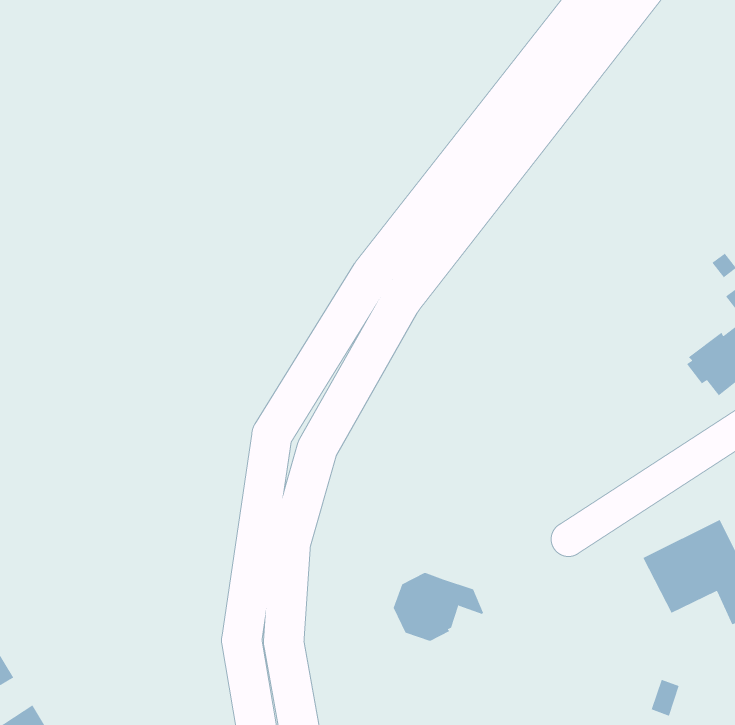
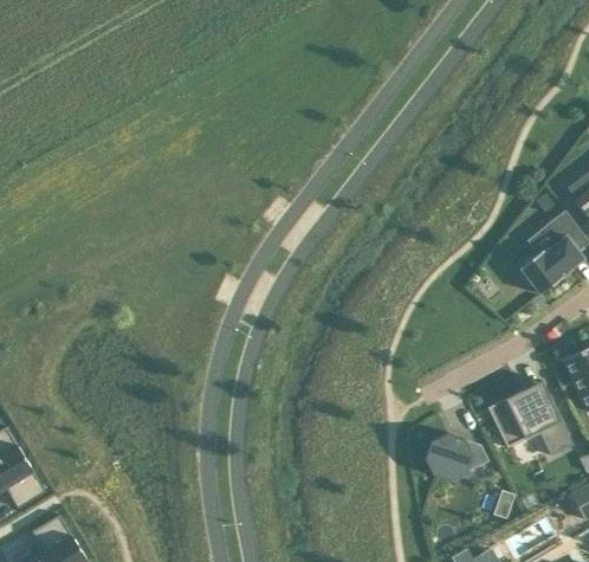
building: [393,572,484,641] -> [425,433,488,482]

